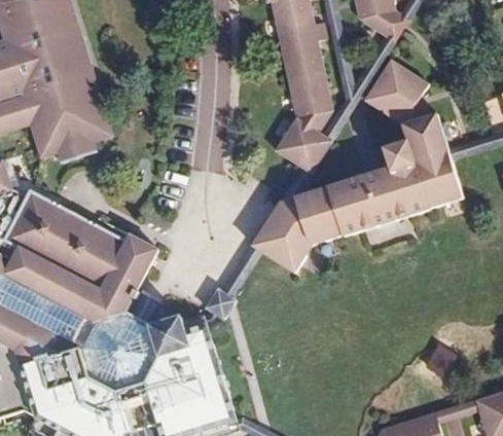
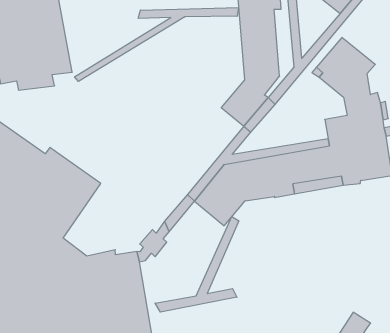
building: none -> [75,8,239,81]
building: none -> [155,217,239,312]

